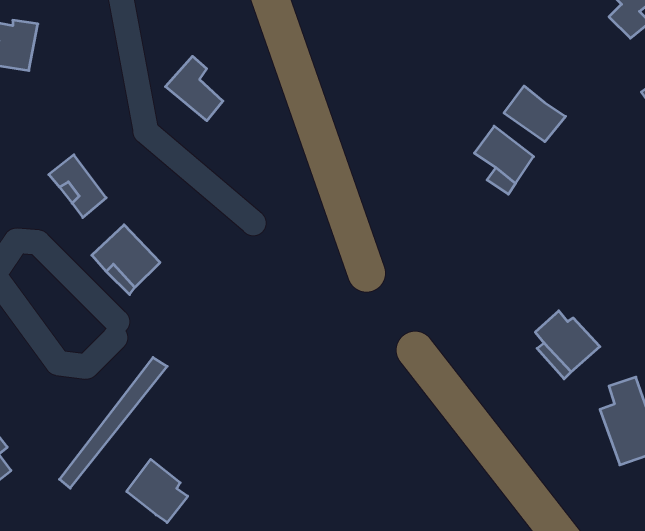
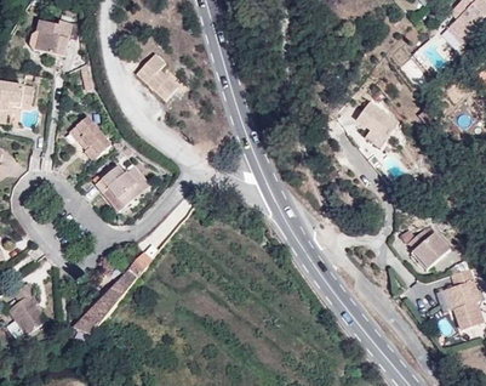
building: [504,86,566,142] -> none
building: [127,459,188,523] -> none

